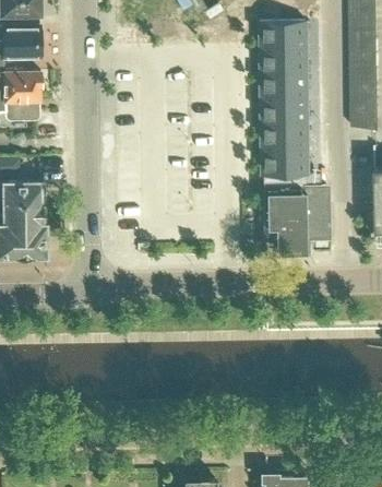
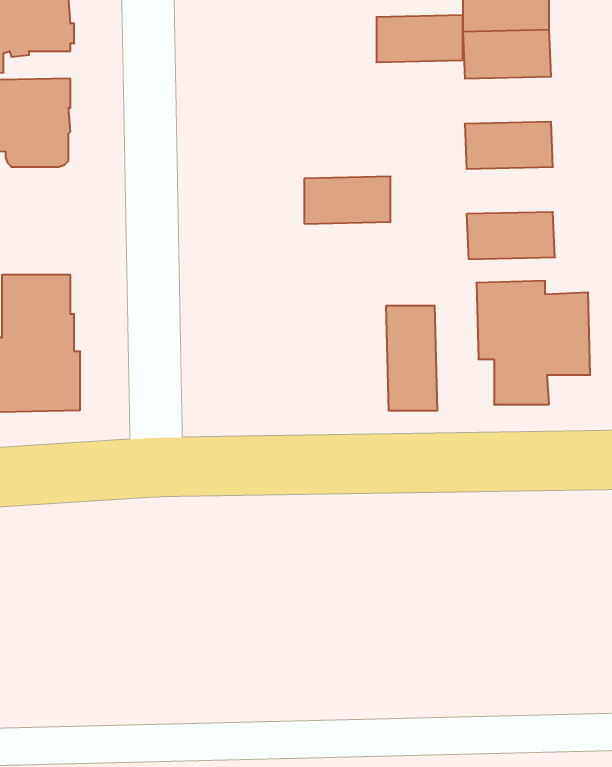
building: [260,71,308,97] -> [376,15,463,62]
building: [261,121,309,147] -> [304,177,391,224]
building: none -> [386,305,437,411]

